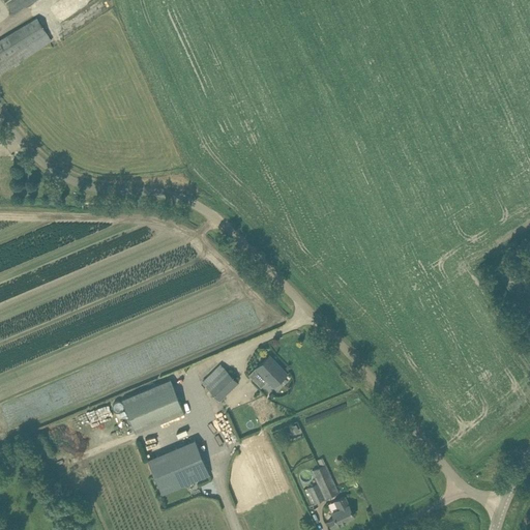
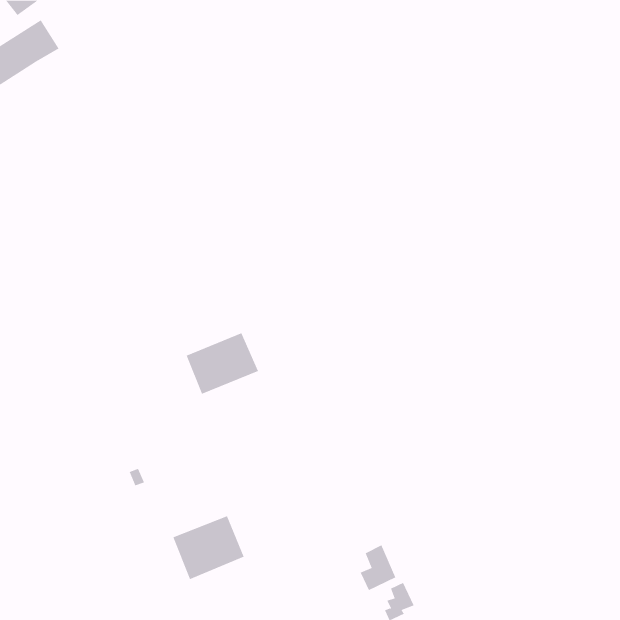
building: [255,356,286,386] -> none
building: [206,370,238,402] -> none
building: [121,381,183,434] -> [186,332,259,394]

